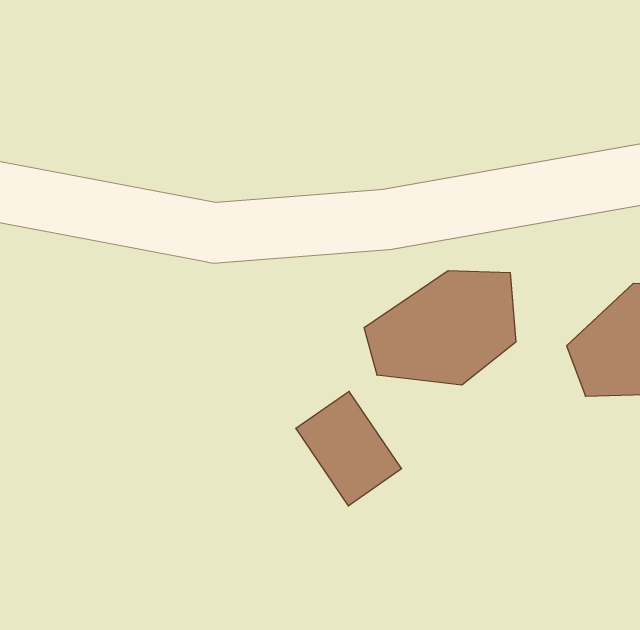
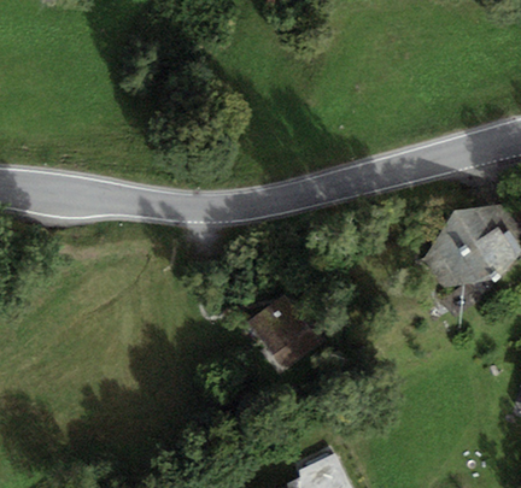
building: [364,271,516,385] -> none

